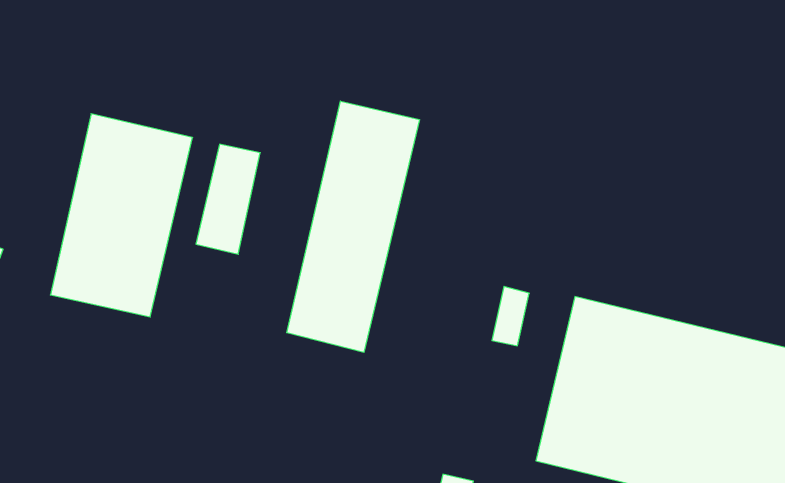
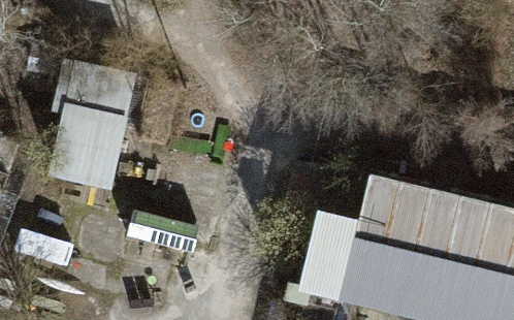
building: [287,101,419,352] -> none

